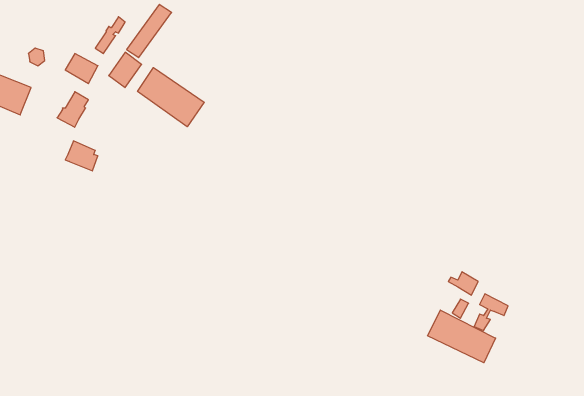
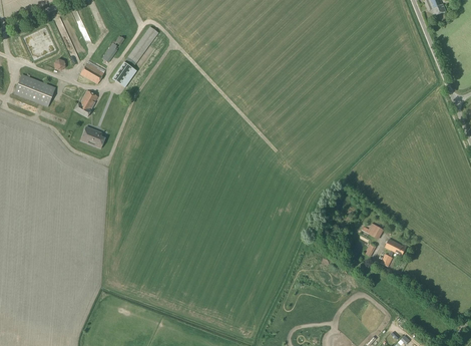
building: [138,68,204,127] -> none
building: [428,310,496,363] -> none

